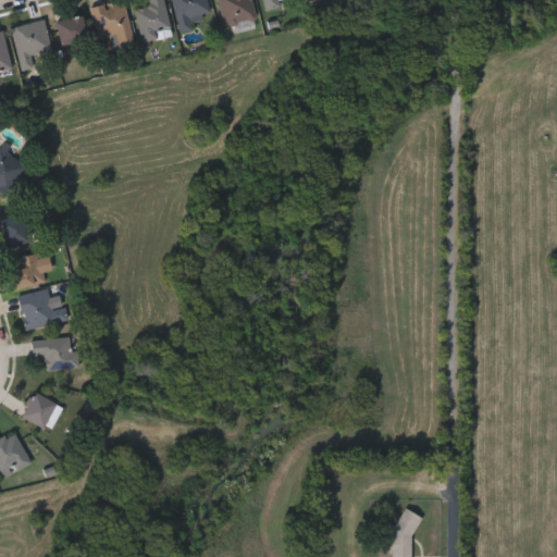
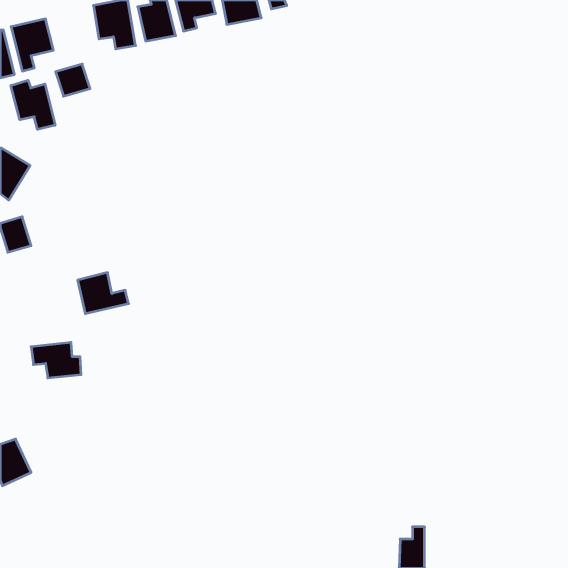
building: [54,13,88,45] -> [56,64,90,96]
building: none -> [11,80,55,129]
building: [13,253,44,284] -> none
building: [18,288,69,329] -> [78,273,129,314]
building: [22,392,62,430] -> none

